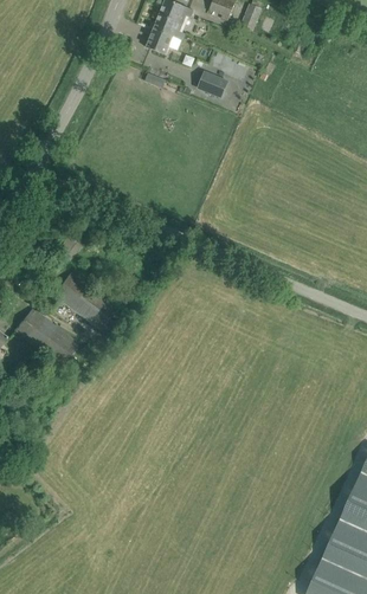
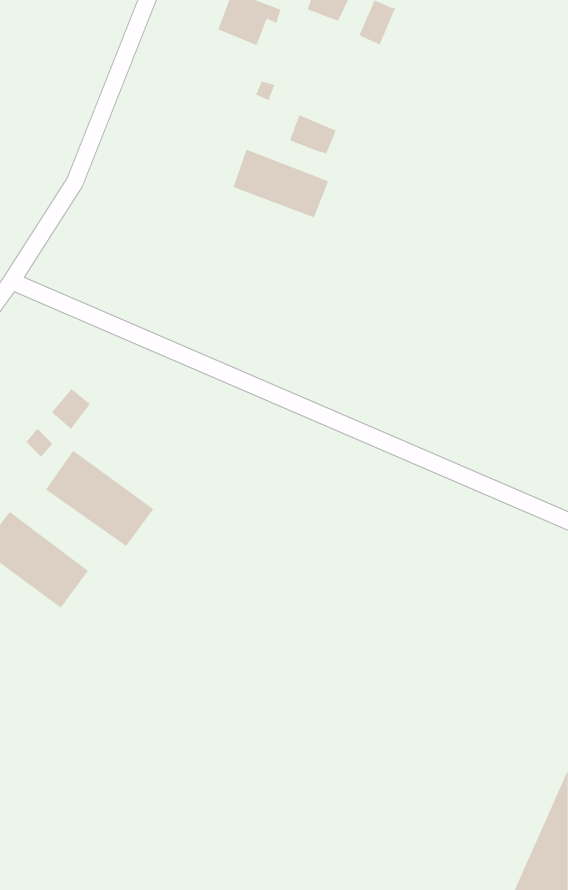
building: [146,21,185,54] -> none
building: none -> [233,149,329,218]

